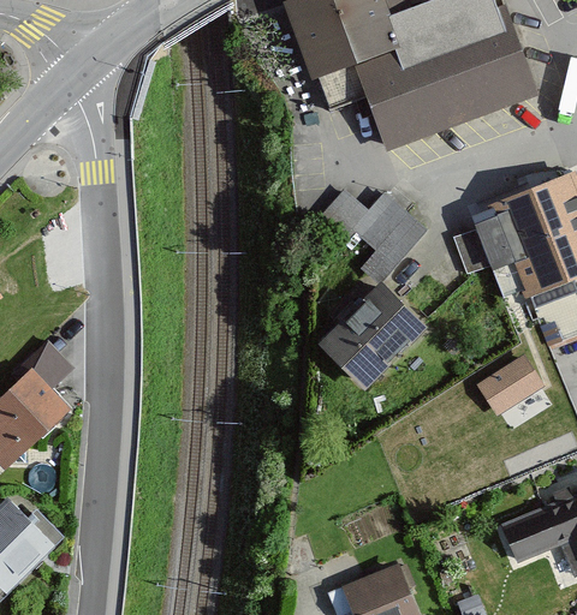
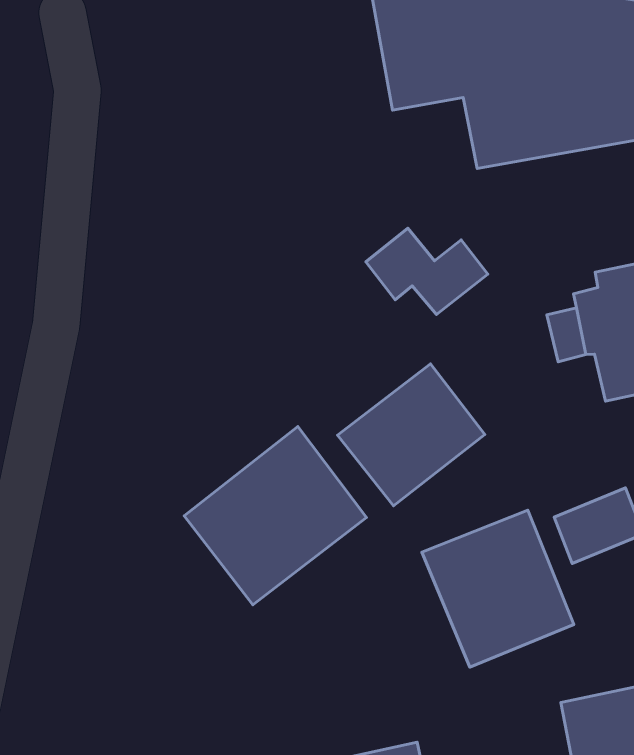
building: [362,215,424,280] -> none
building: none -> [184,427,366,605]
building: none -> [422,510,574,667]

